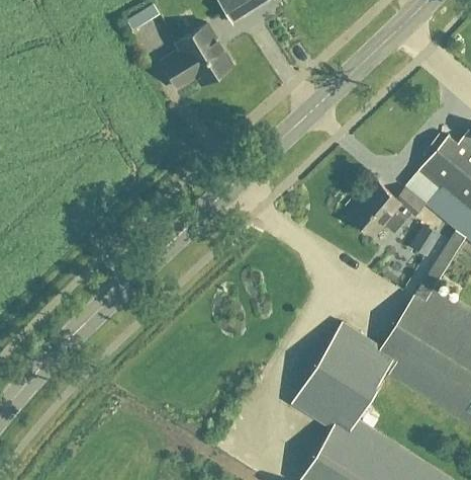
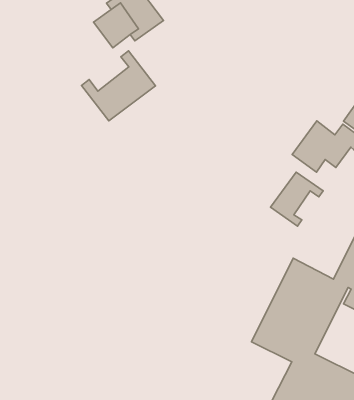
building: none -> [82,51,156,121]
building: none -> [271,172,323,226]

